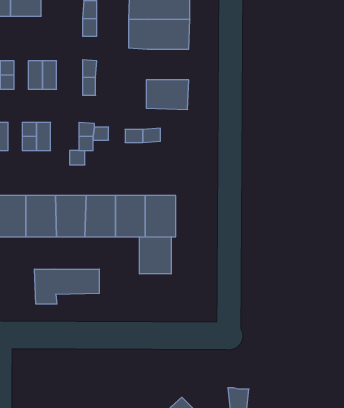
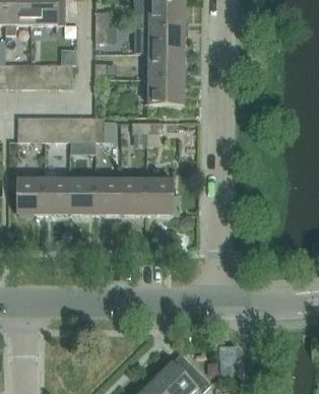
building: none -> [148,53,185,79]
building: [140,237,171,274] -> none
building: [35,269,99,304] -> none

